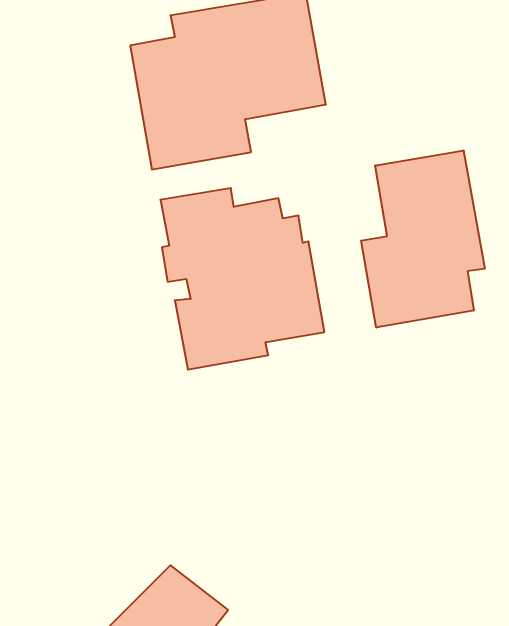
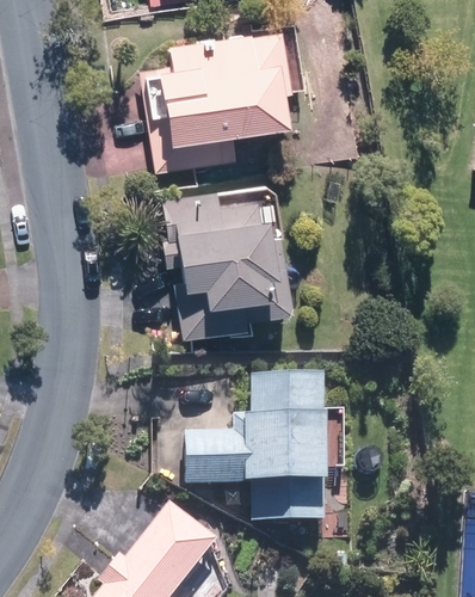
building: [361,150,485,328] -> none
building: none -> [186,374,328,522]

